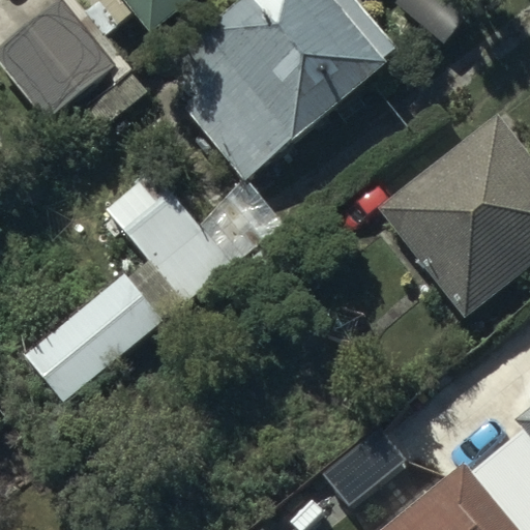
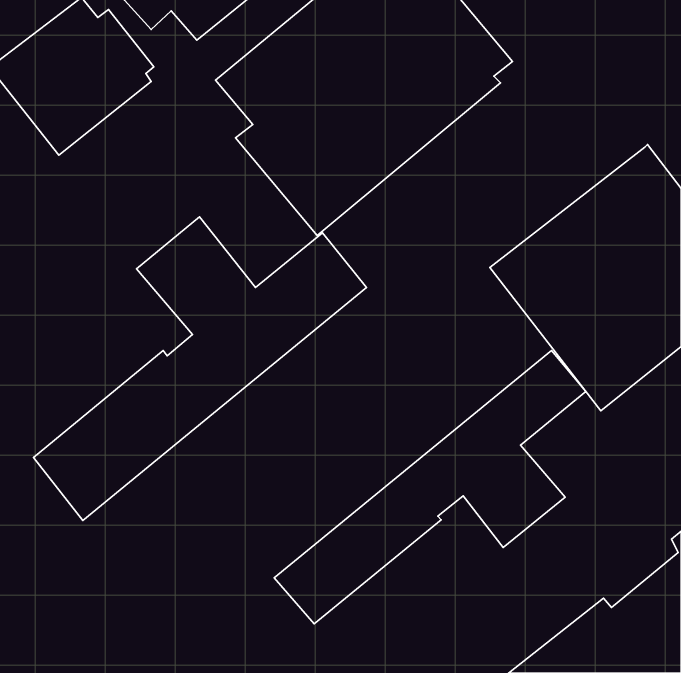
building: none -> [274,351,586,624]

